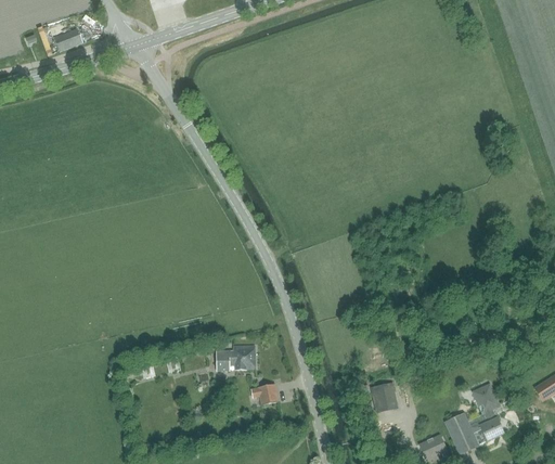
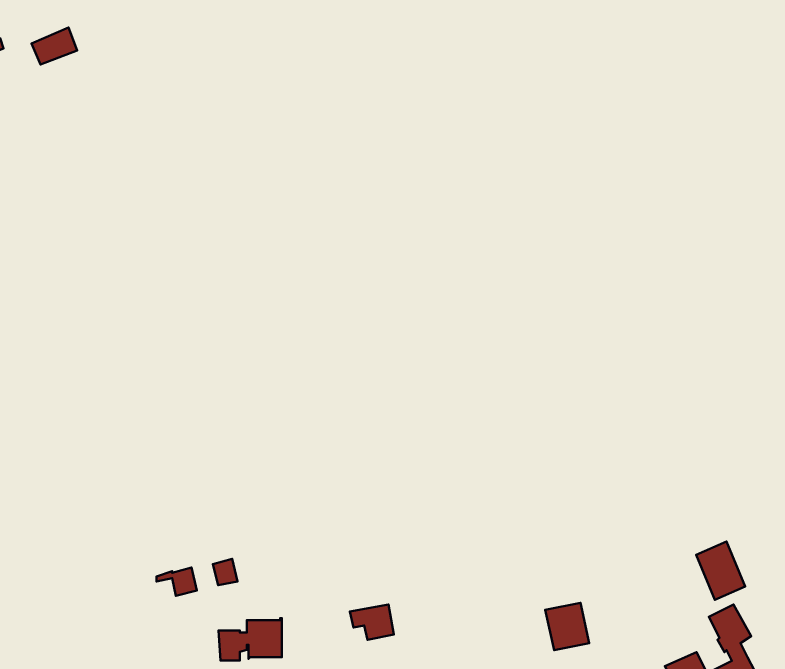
building: [216,344,255,370] -> [219,618,282,661]
building: none -> [696,542,745,600]

